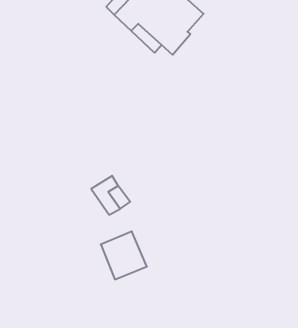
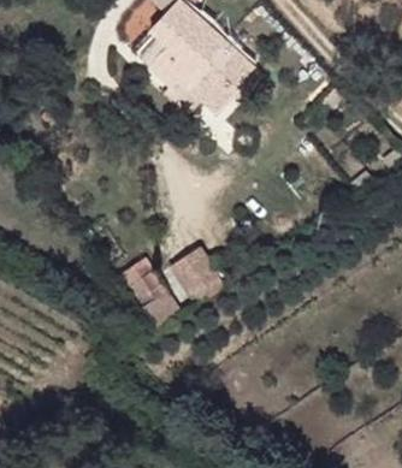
building: [101,231,147,279] -> [167,244,223,302]

